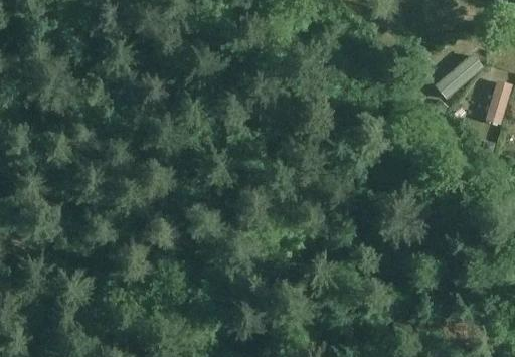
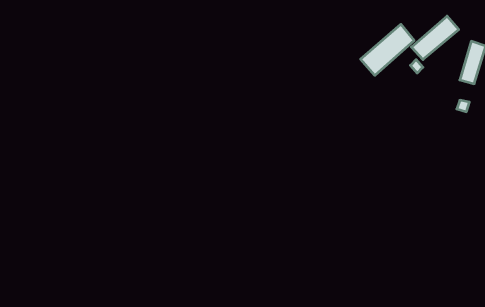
building: none -> [361,24,414,75]

